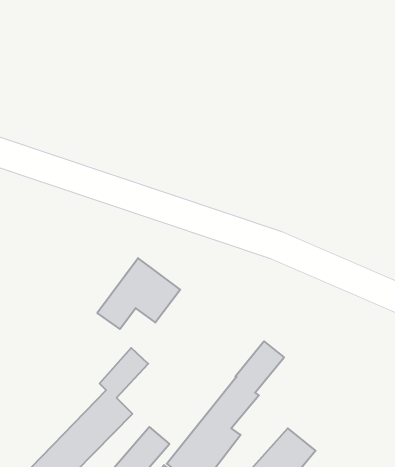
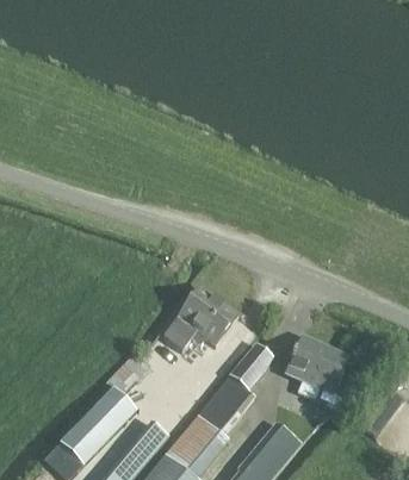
building: [97,258,180,329] -> [162,287,237,351]
building: none -> [285,336,348,399]

